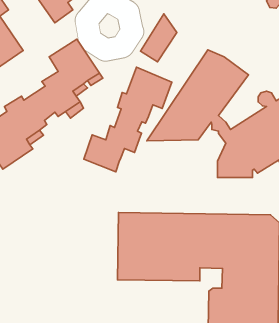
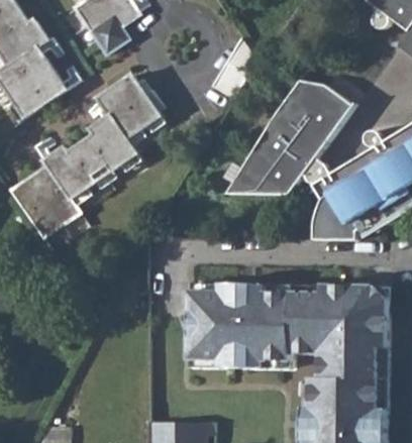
building: [84,67,172,172] -> none

